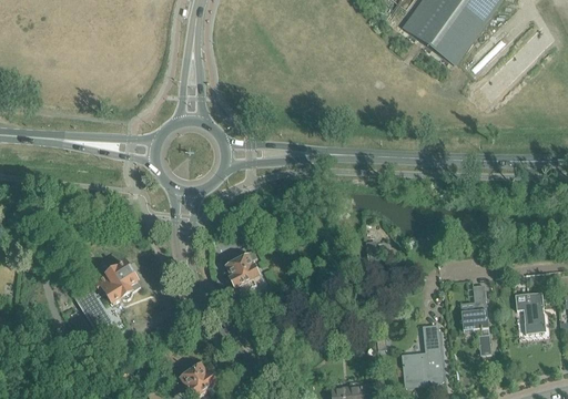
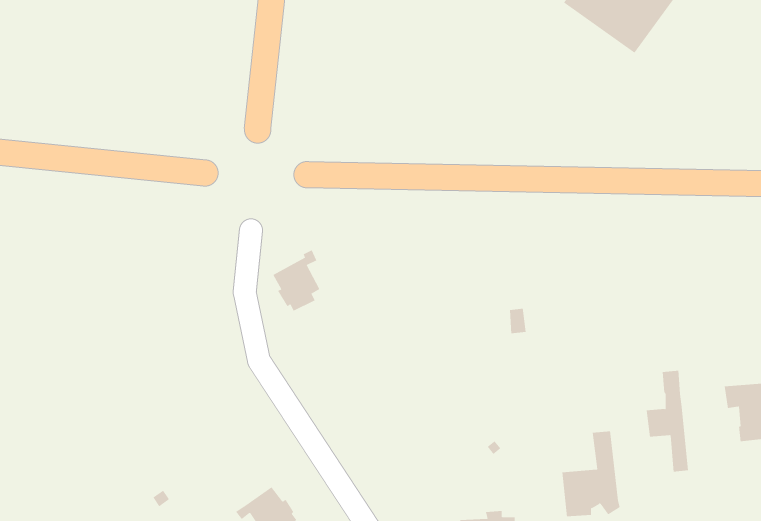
building: [225,249,258,293] -> [272,249,320,311]
building: [74,263,140,329] -> none

